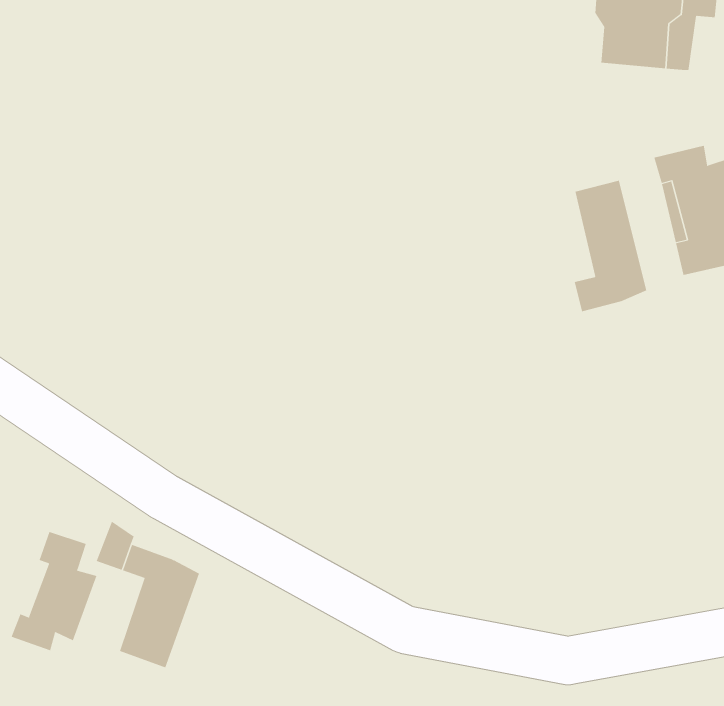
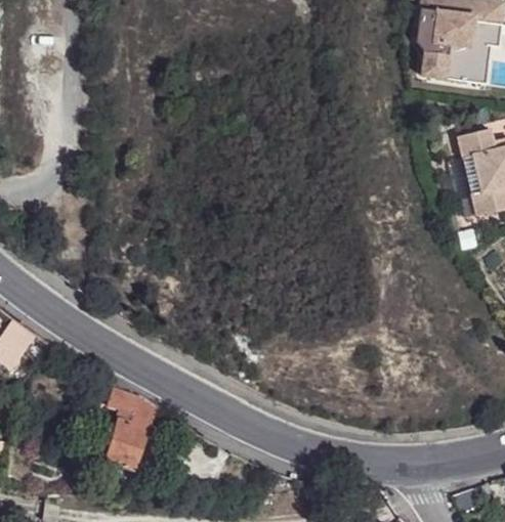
building: [574,180,647,312] -> none
building: [11,531,97,651] -> none

